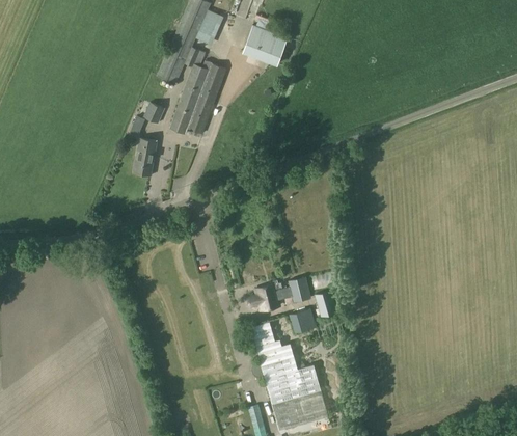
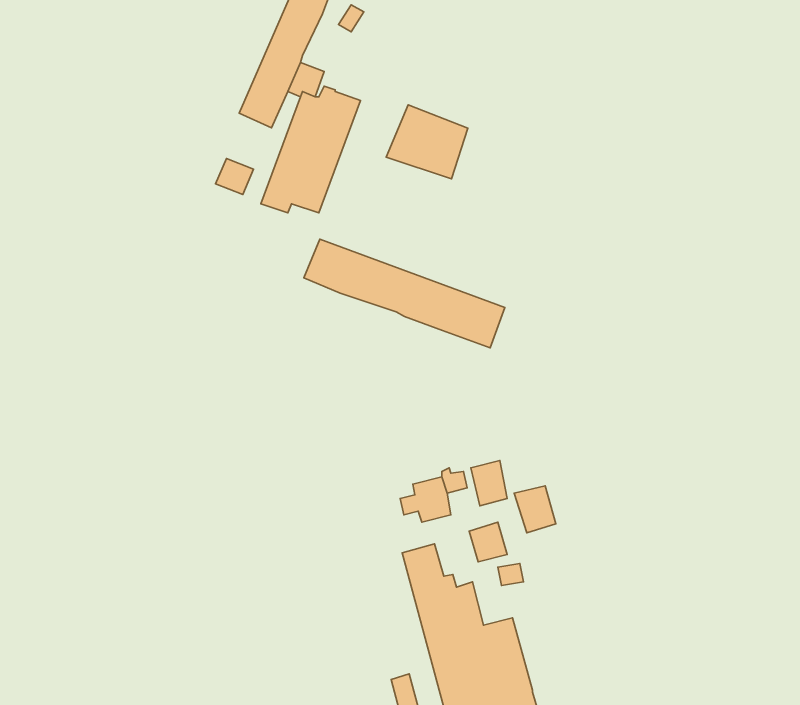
building: [241,26,288,69] -> [386,105,468,179]
building: [134,139,157,175] -> none
building: none -> [304,239,505,348]

